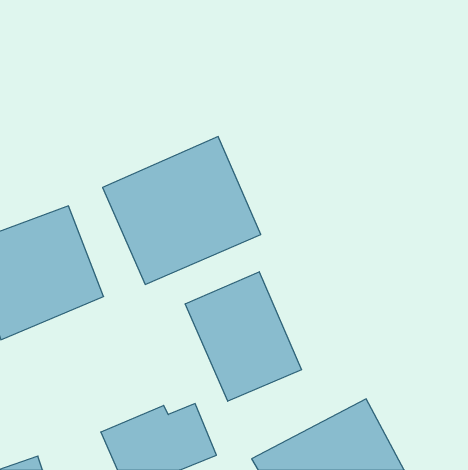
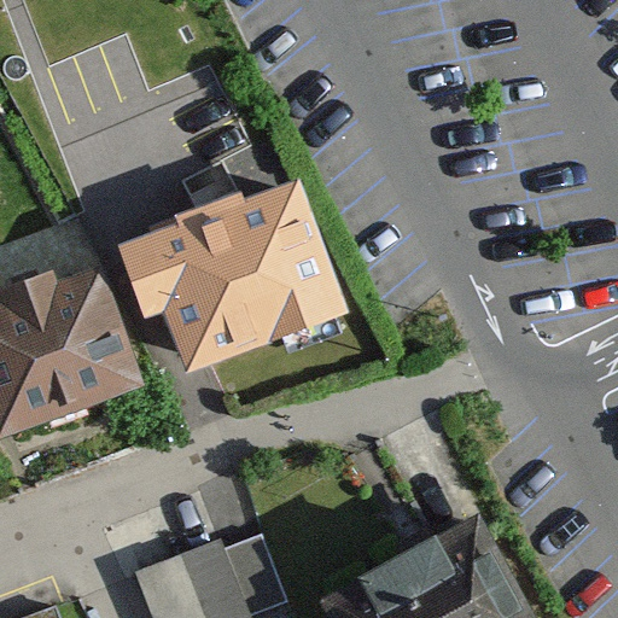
building: [185,272,301,401] -> none

